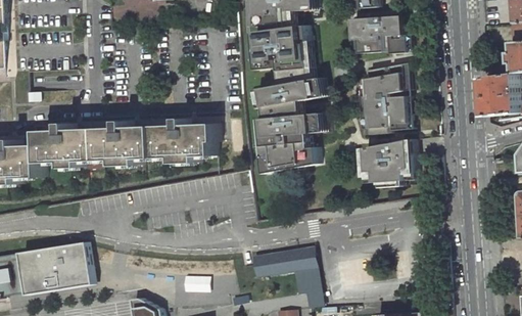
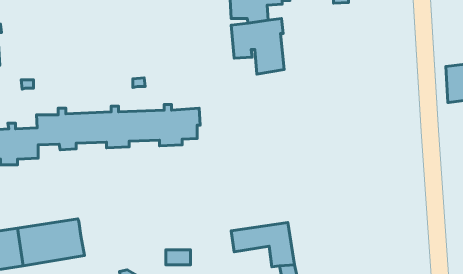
building: [352,16,405,54] -> none
building: [360,62,407,133] -> none
building: [253,78,323,173] -> none
building: [360,137,413,181] -> none

